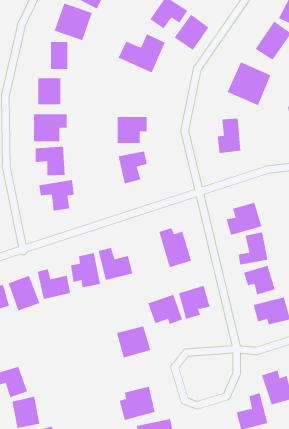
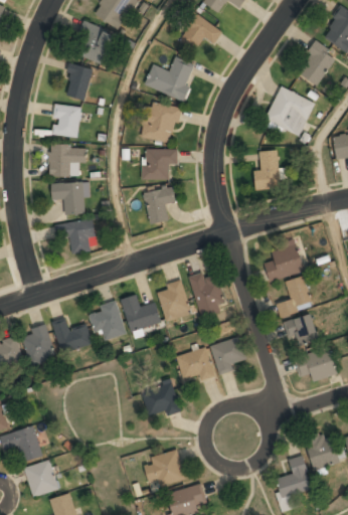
building: [174,14,209,51] -> none
building: none -> [142,103,179,143]
building: none -> [158,281,191,322]

